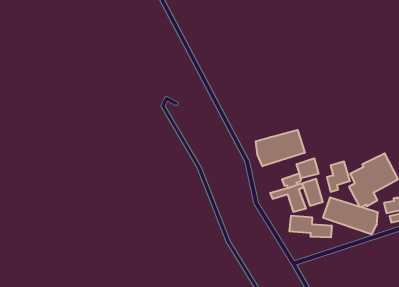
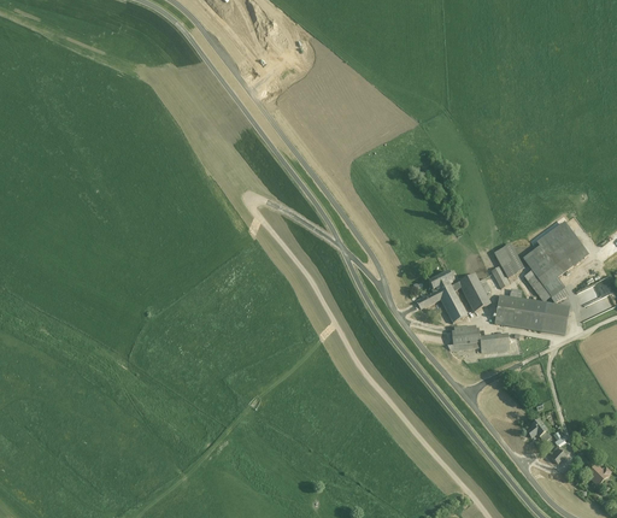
building: [256,130,305,166] -> none
building: [297,158,319,178] -> none

